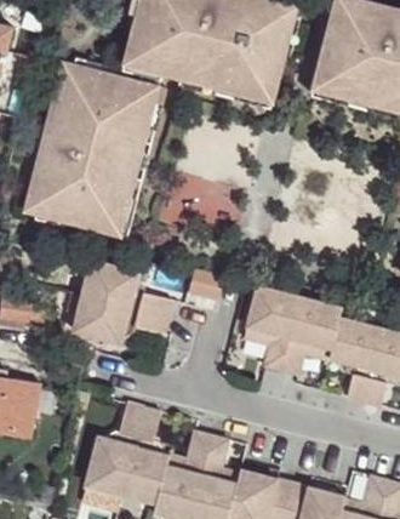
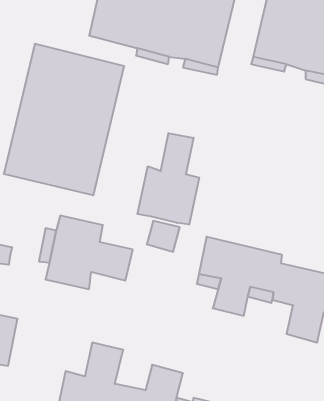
building: none -> [137,133,199,225]

